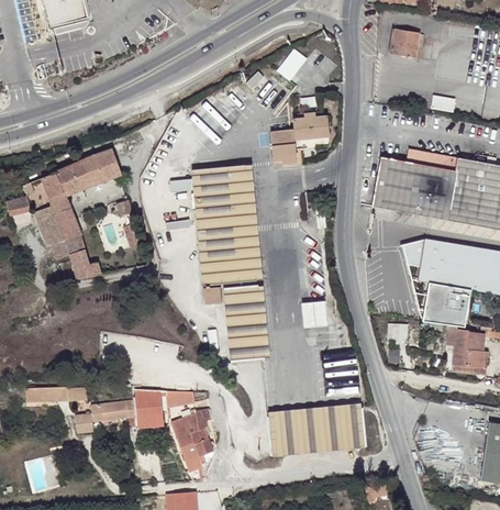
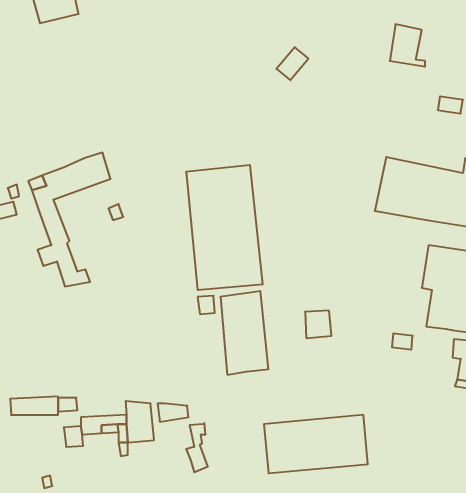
building: [273,115,331,164] -> none
building: [32,204,63,245] -> none
building: [400,239,429,317] -> none
building: [173,417,202,469] -> none

